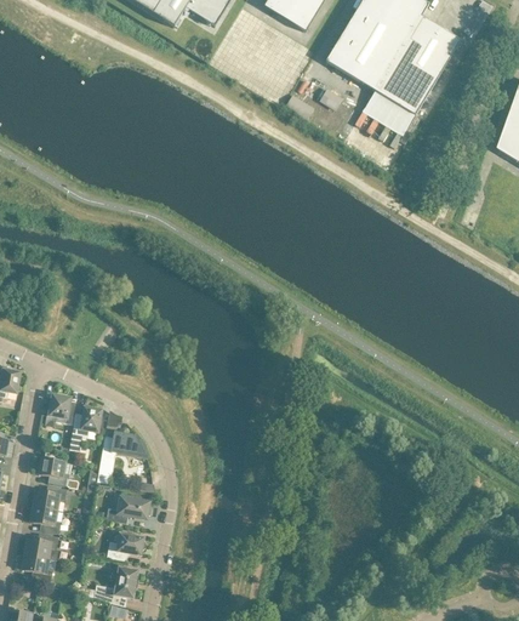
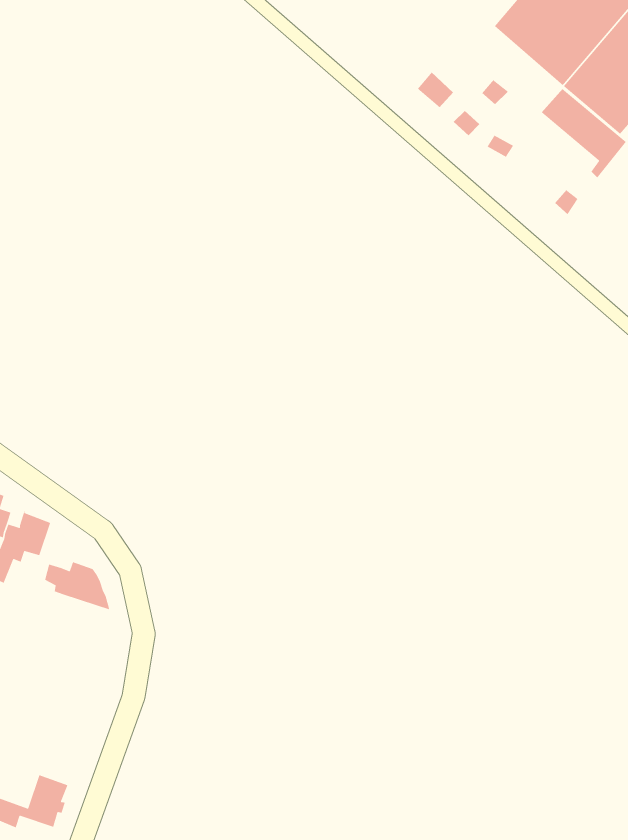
building: [105,492,152,523] -> none
building: [107,530,146,559] -> none

